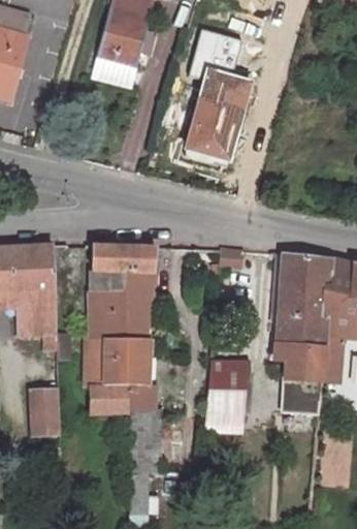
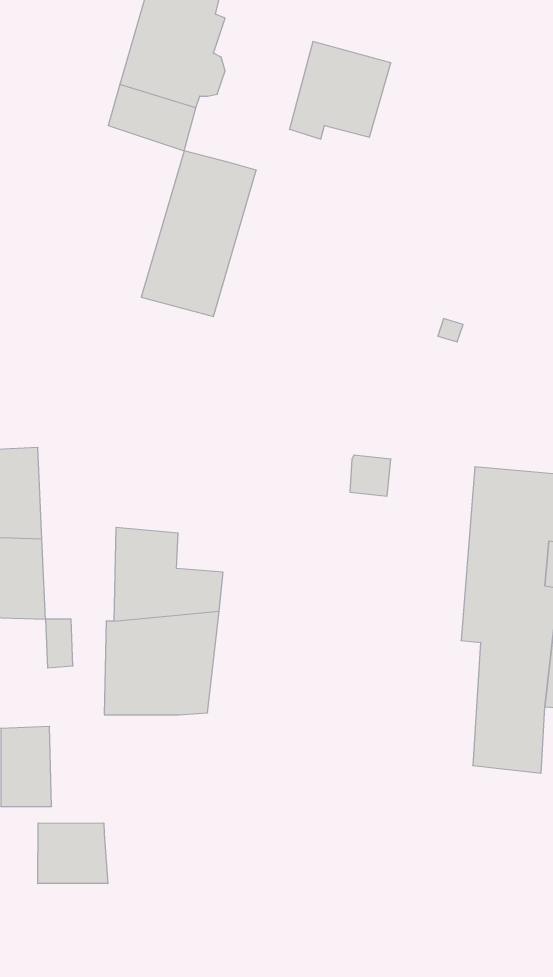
building: [183,73,244,161] -> [141,151,256,317]
building: [95,245,160,310] -> none
building: [206,365,247,428] -> none
building: [95,385,128,413] -> none
building: none -> [38,823,108,884]

